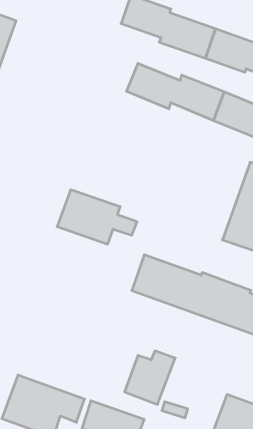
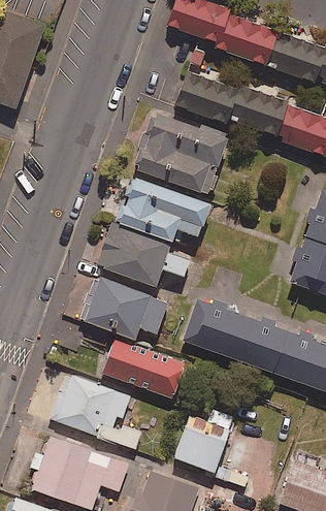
building: none -> [136,113,227,192]
building: none -> [117,175,210,242]
building: none -> [86,278,168,339]
building: none -> [103,339,184,396]
building: none -> [53,373,141,449]

